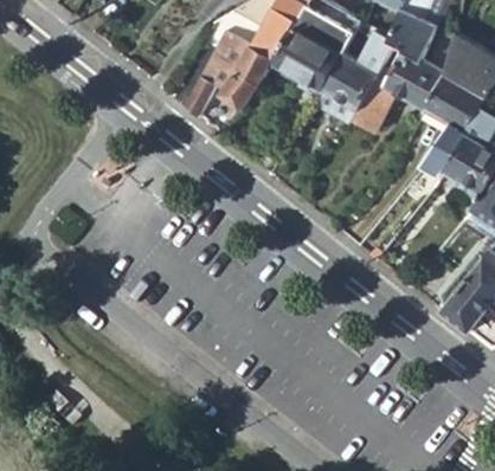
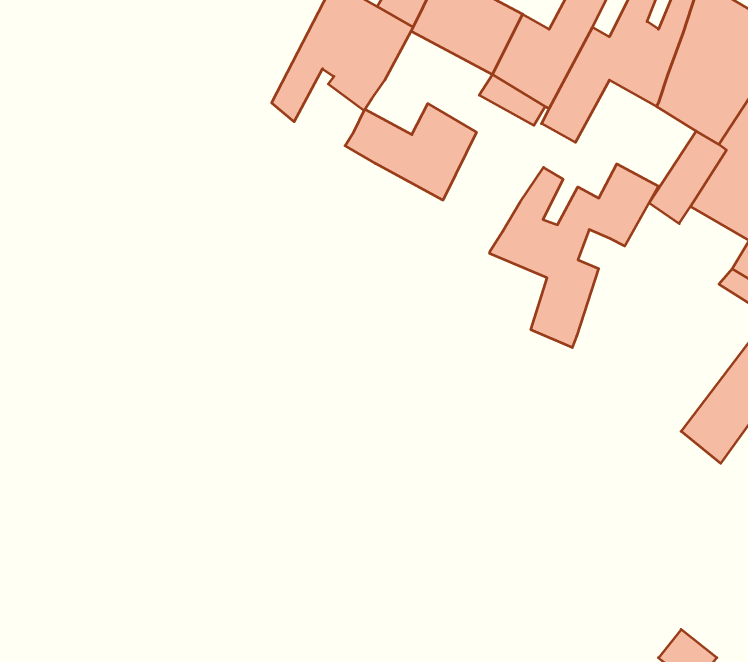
building: none -> [345,104,476,200]
building: none -> [490,164,659,348]

